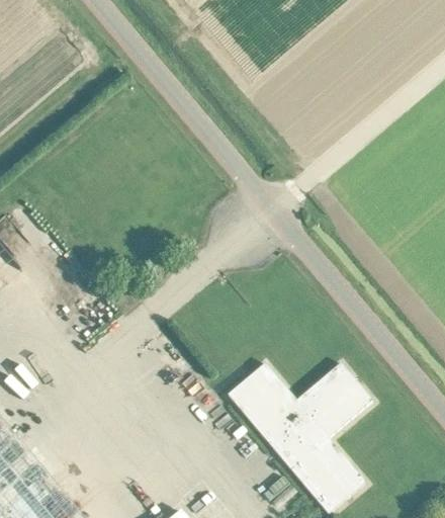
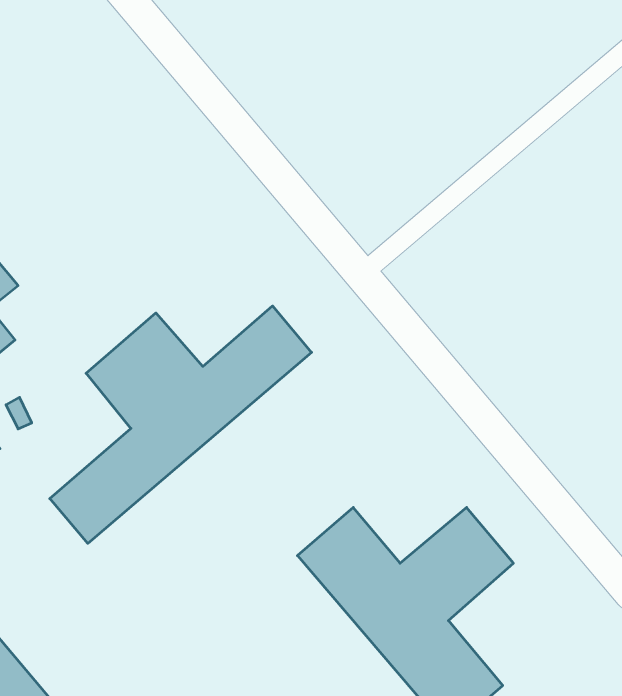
building: none -> [50,306,312,543]

